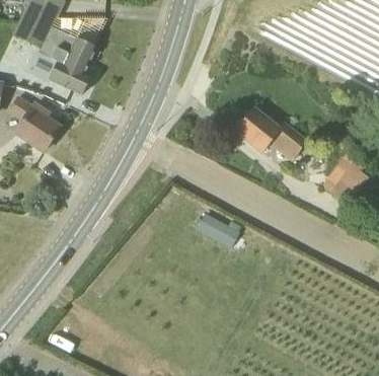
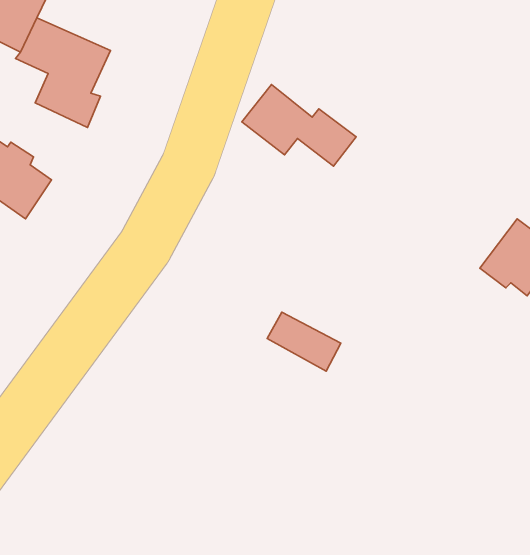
building: [236,107,307,158] -> [242,84,356,166]

